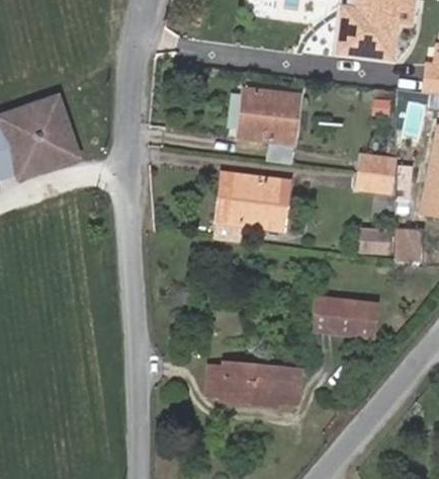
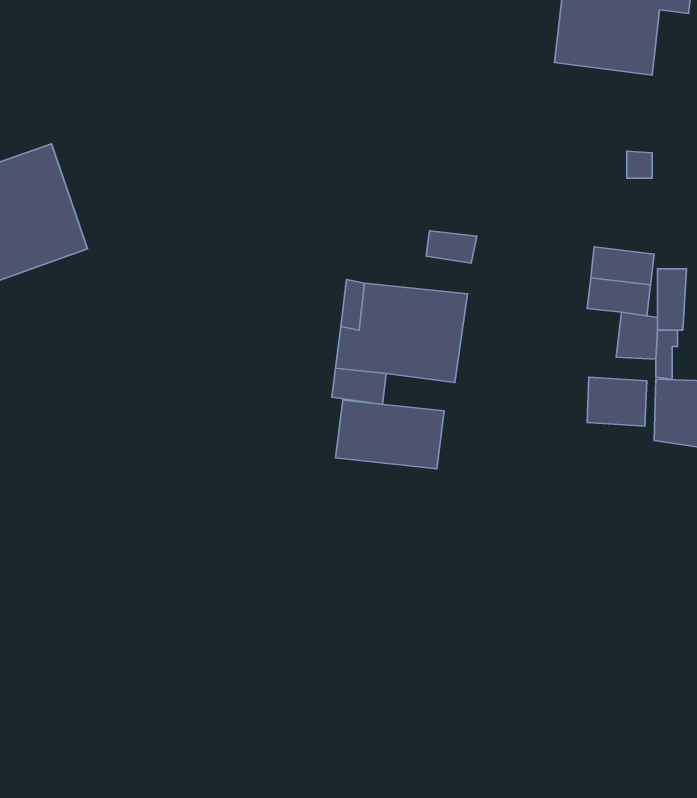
building: [238,87,300,143] -> none
building: [316,297,376,335] -> [336,400,444,469]
building: [208,363,301,403] -> none

